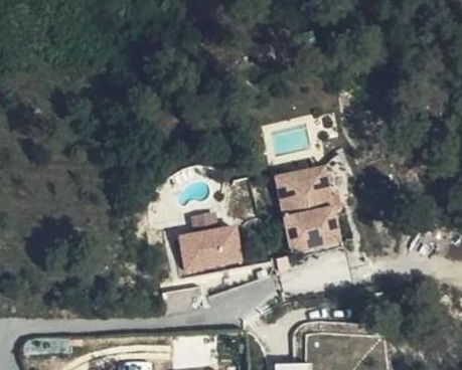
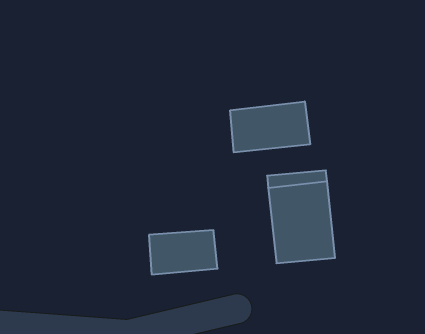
building: none -> [230,101,310,152]

